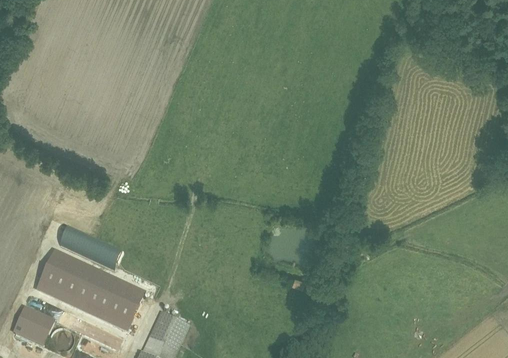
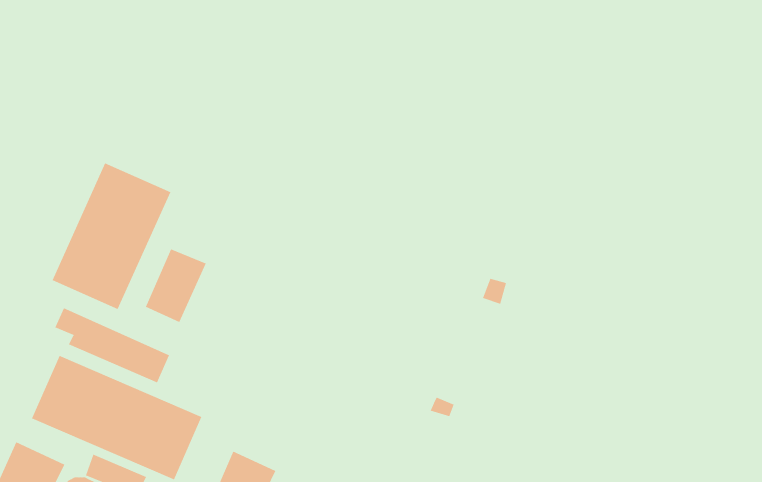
building: none -> [52,162,171,310]
building: none -> [145,249,206,323]

